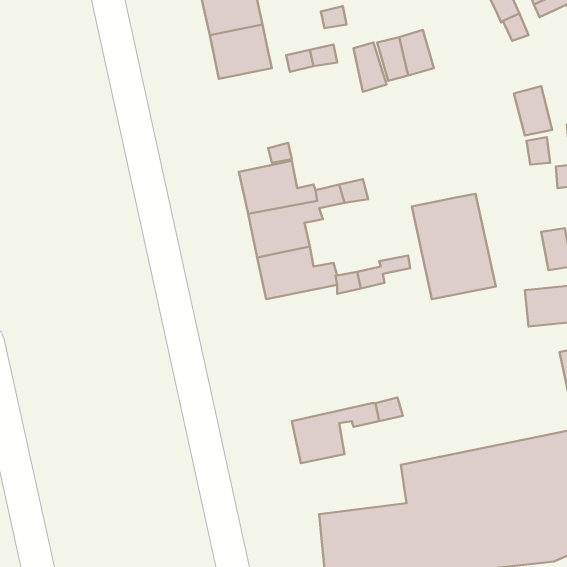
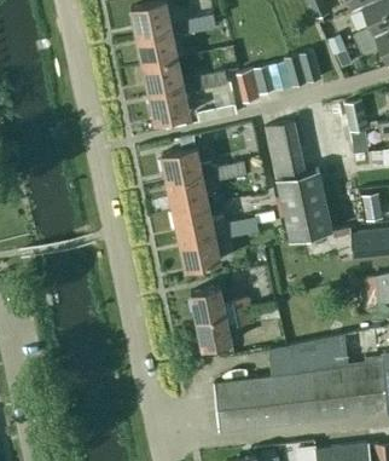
building: none -> [284,51,320,87]
building: none -> [147,87,188,129]
building: none -> [263,121,306,179]
building: none -> [179,234,220,270]
building: none -> [190,287,249,322]

